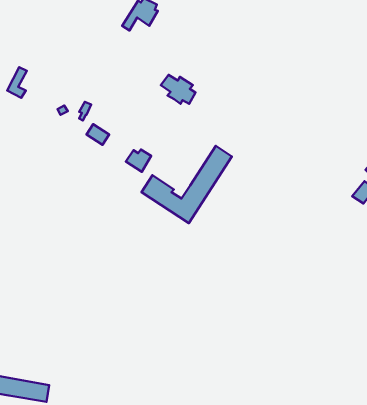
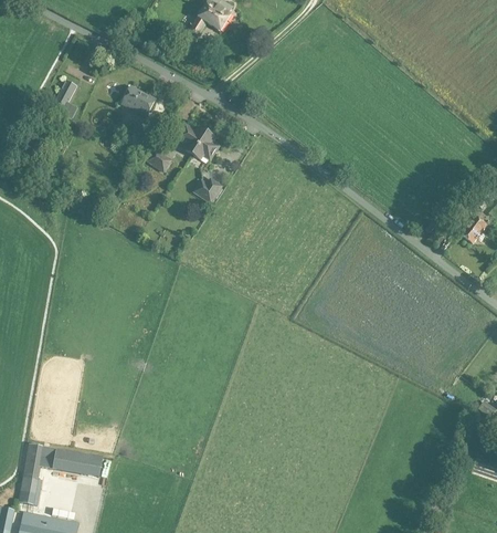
building: none -> [123,87,156,115]
building: [161,75,196,104] -> [178,125,219,159]
building: [142,146,232,223] -> none

